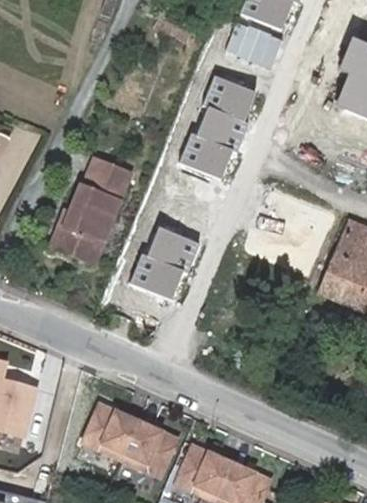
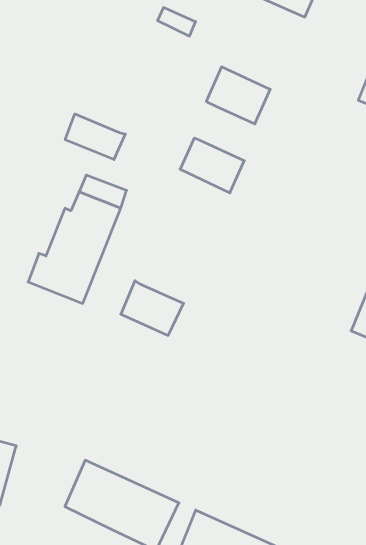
building: [224,19,279,68] -> none
building: [194,104,246,151] -> none
building: none -> [65,114,125,160]
building: [144,224,199,272] -> none

